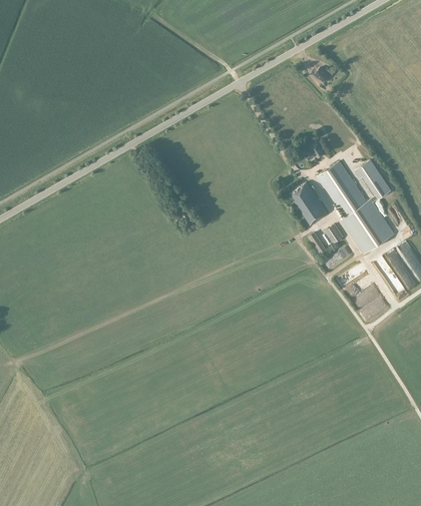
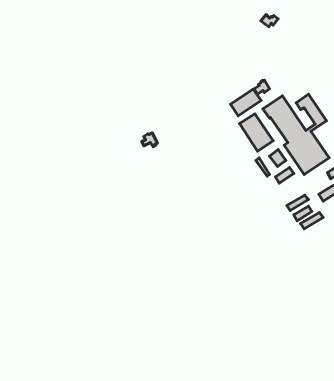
building: none -> [230,89,261,116]

